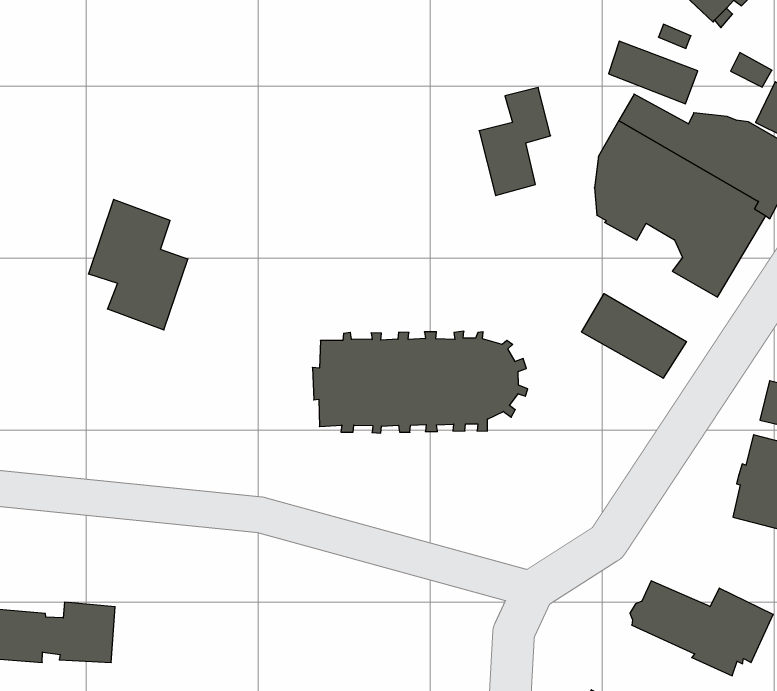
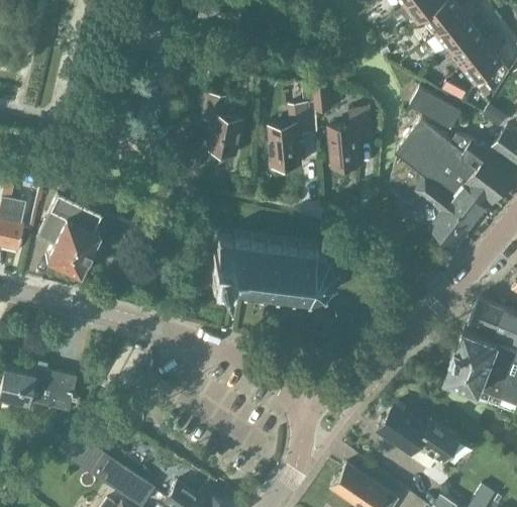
building: none -> [270,81,331,170]
building: none -> [202,96,242,156]
building: [88,199,188,330] -> [39,196,99,277]
building: [582,294,686,378] -> none

